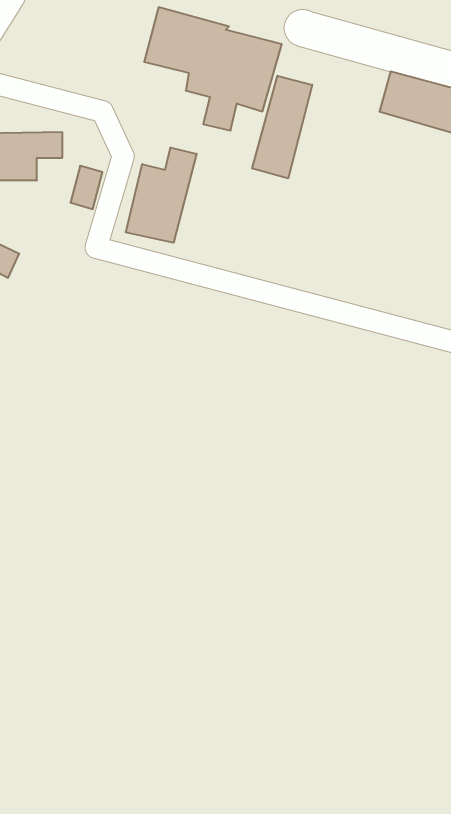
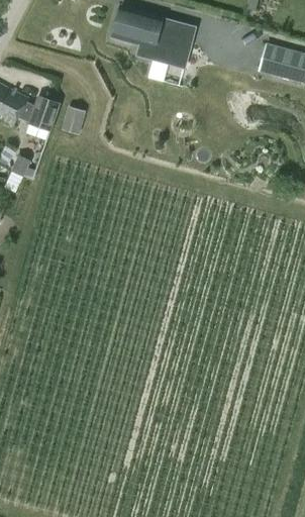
building: [252,76,312,178] -> none
building: [126,147,197,243] -> none

